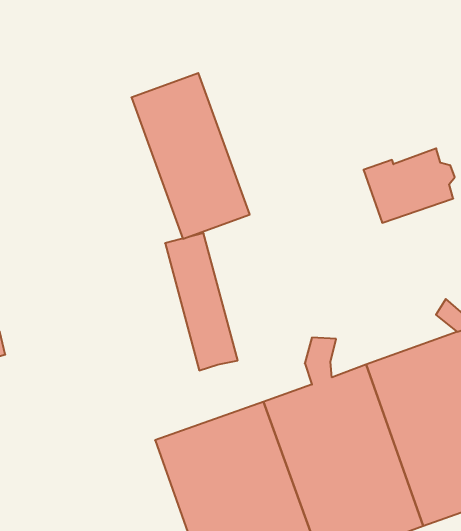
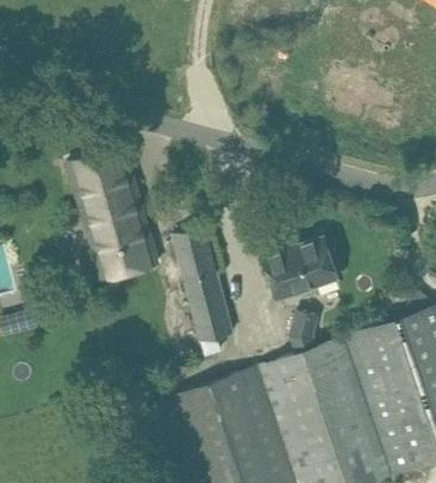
building: [131,73,250,239] -> [66,143,166,283]
building: [363,148,455,223] -> [263,240,340,302]

